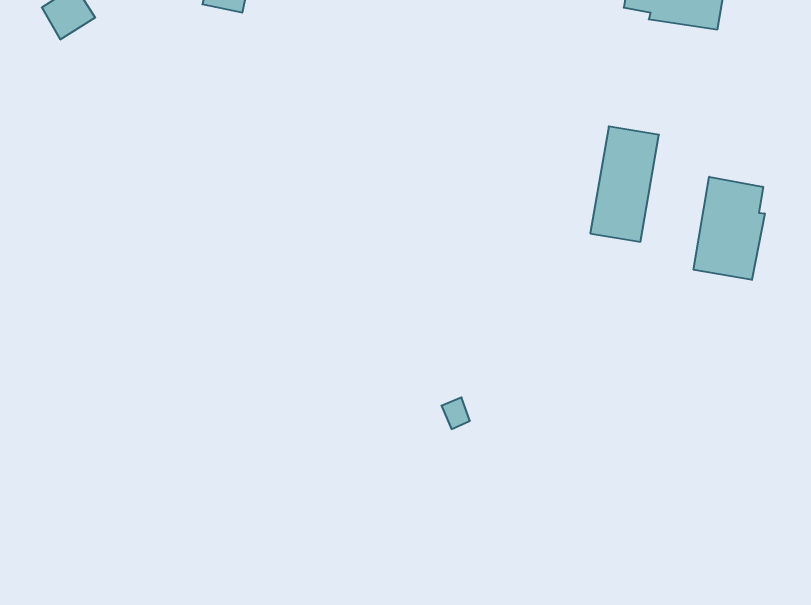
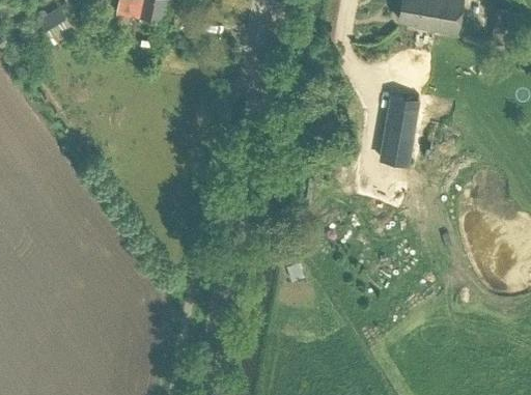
building: [694,177,765,280] -> none

